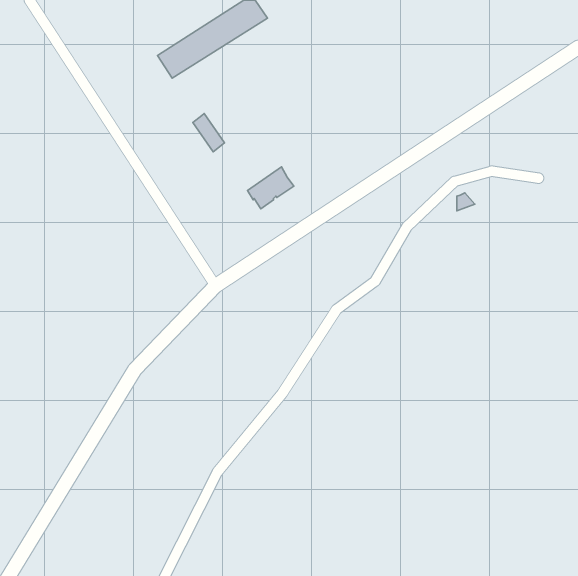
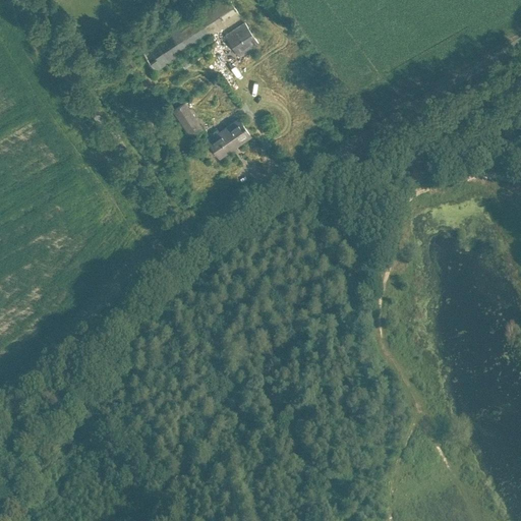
building: none -> [225,25,257,58]
building: [247,167,294,209] -> [208,121,249,159]

